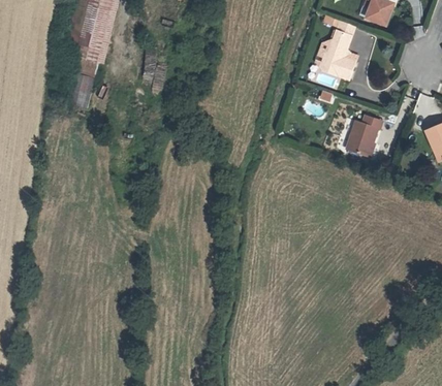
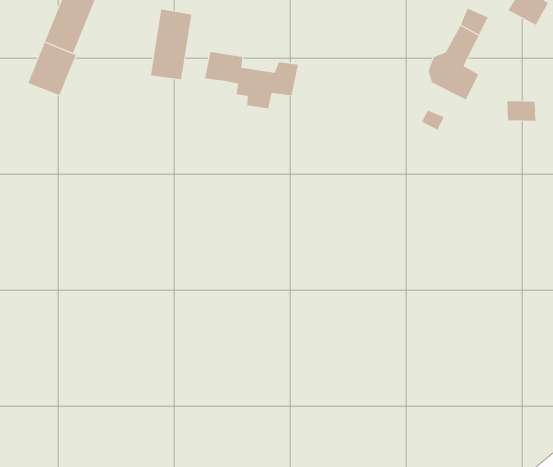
building: none -> [205,51,299,109]
building: [342,117,378,158] -> none

